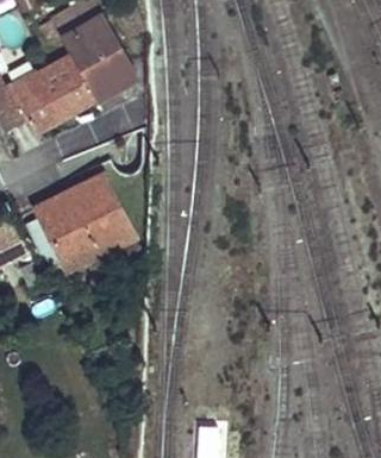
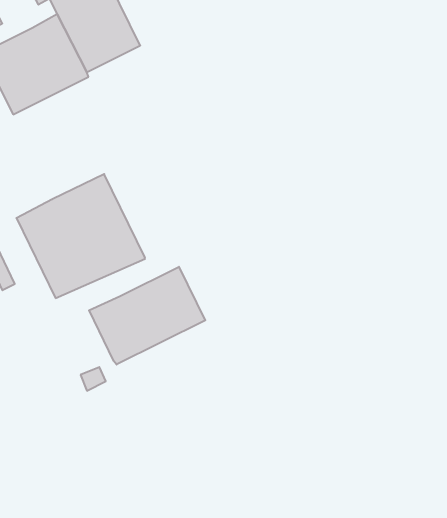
building: none -> [89,267,205,365]

